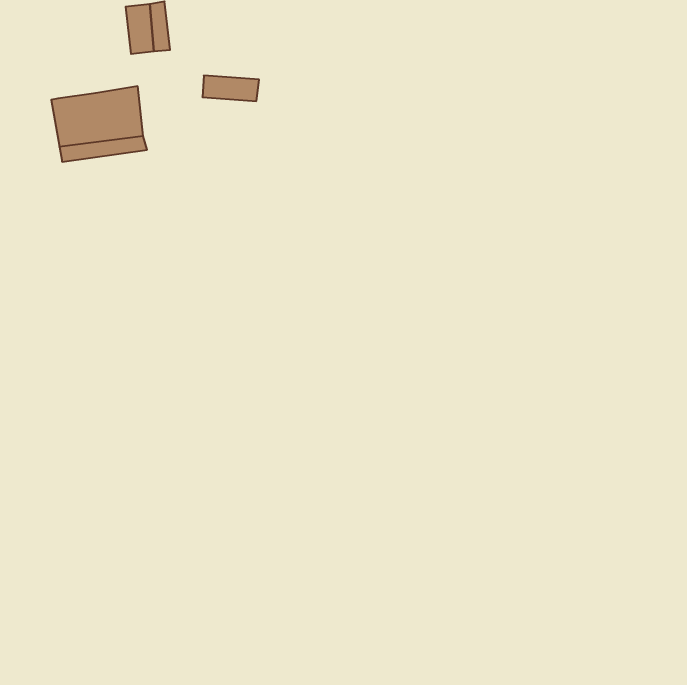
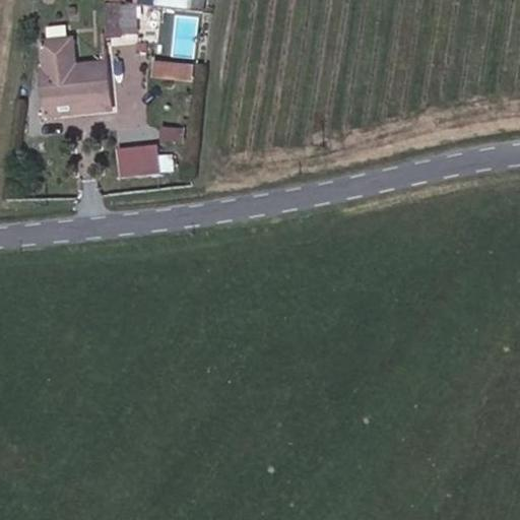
building: none -> [40,42,72,74]
building: none -> [119,142,162,174]

